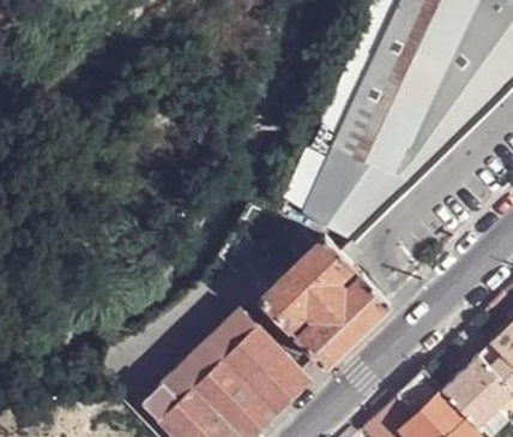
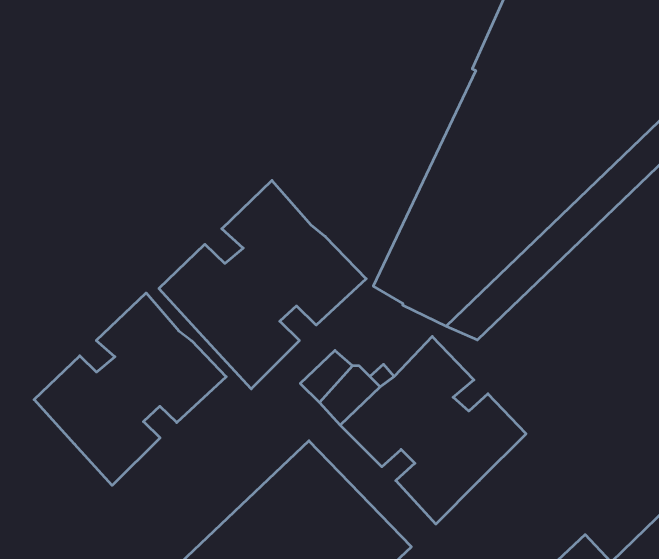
building: none -> [159,180,366,389]
building: none -> [34,293,226,485]

